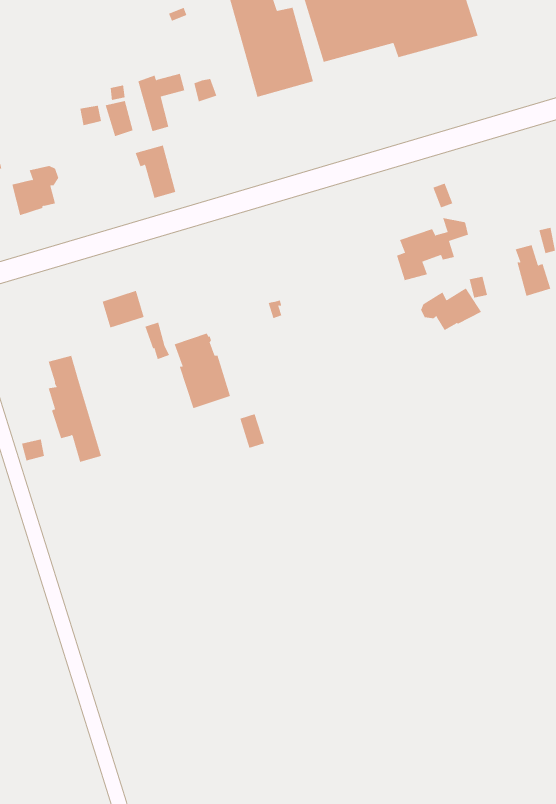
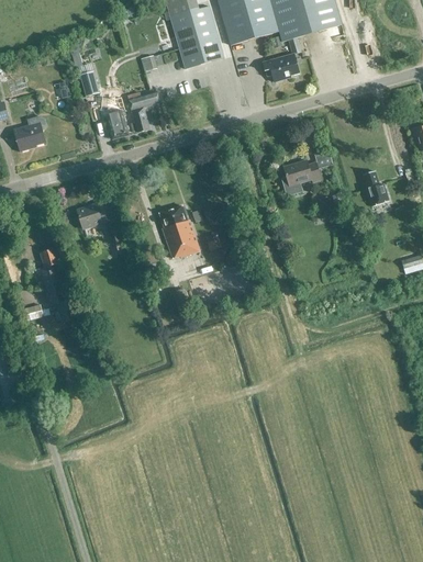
building: [138,73,185,132] -> [127,90,160,131]
building: none -> [263,53,299,81]
building: [420,287,482,331] -> none
building: [174,333,231,409] -> [159,204,199,257]

